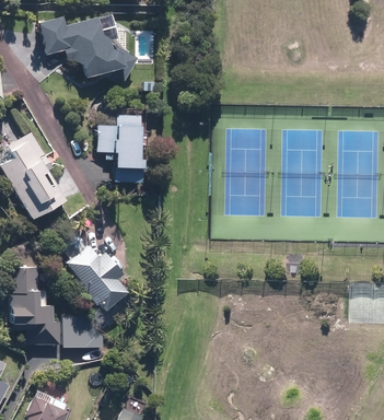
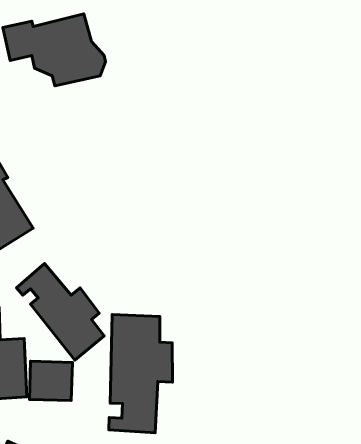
building: [96,113,147,184] -> none
building: none -> [109,314,172,433]

